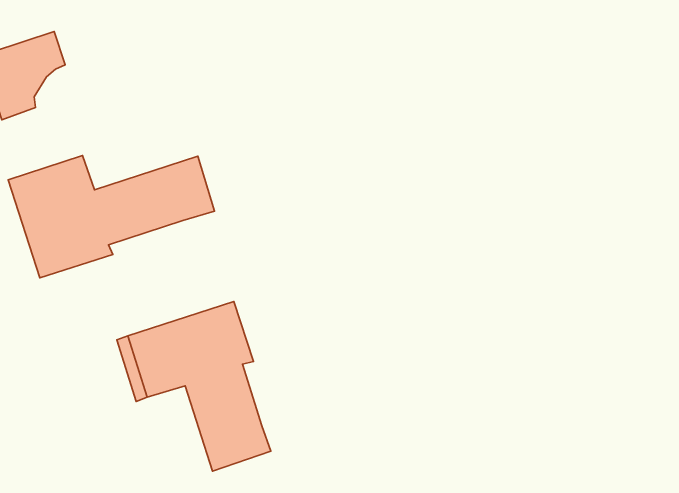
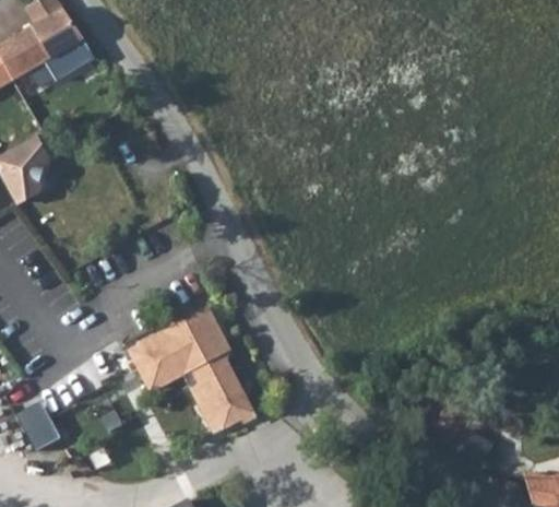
building: [8,155,214,278] -> none

